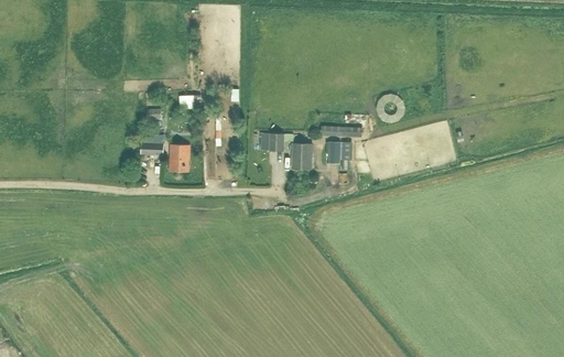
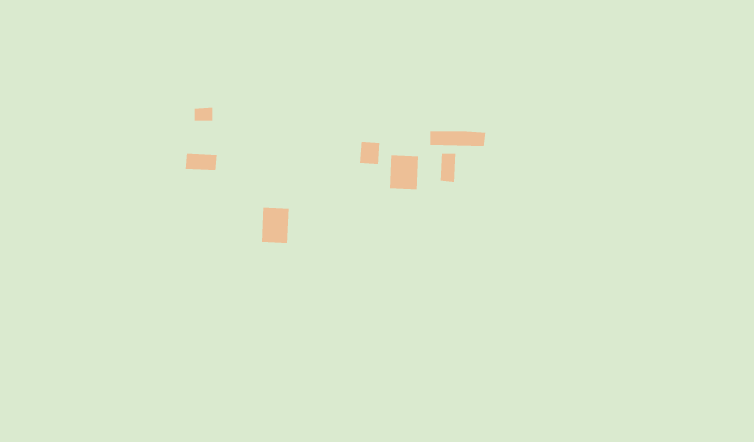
building: [169,143,189,171] -> [261,207,289,244]

